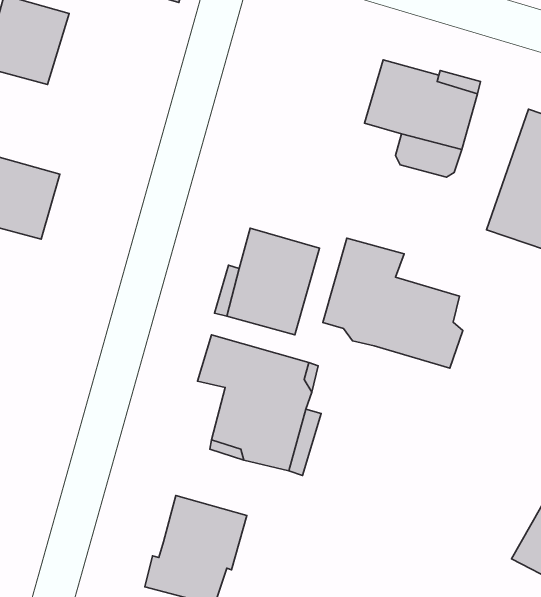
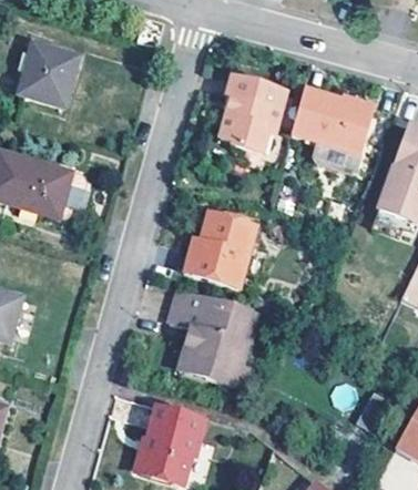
building: none -> [222,73,286,151]
building: [323,238,463,368] -> none

